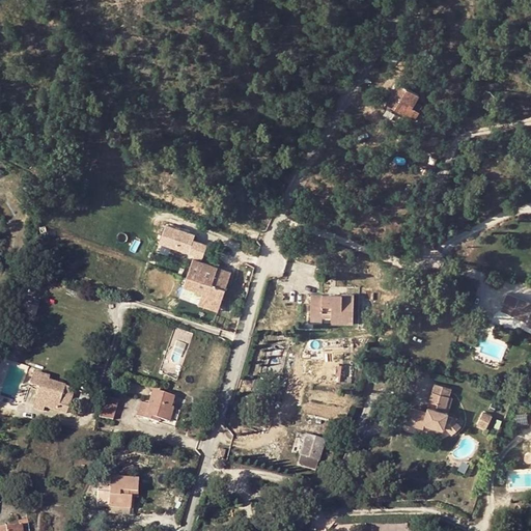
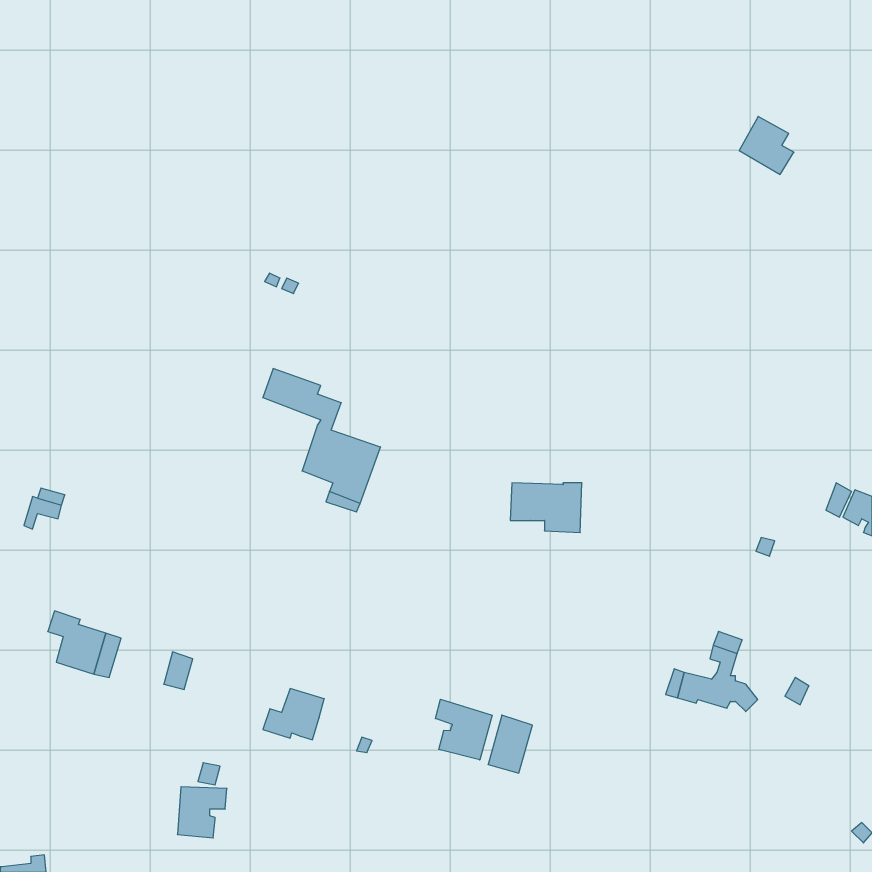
building: [389,84,422,119] -> [739,116,794,174]
building: [136,390,173,421] -> [263,689,324,740]
building: none -> [435,699,492,760]

